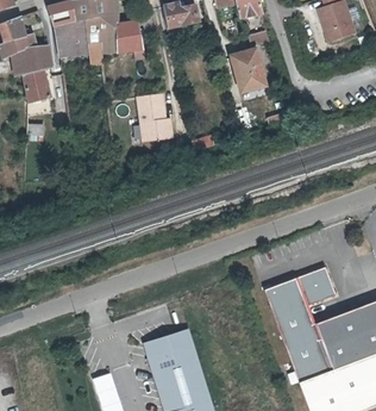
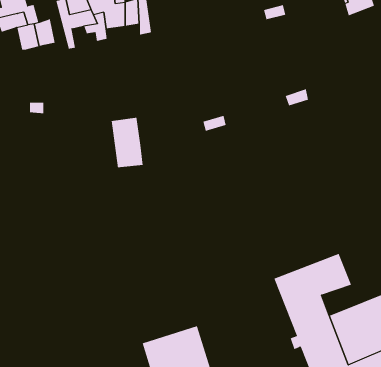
building: [228,50,263,93] -> none
building: [25,69,50,101] -> none
building: [138,93,169,141] -> [111,117,144,168]

